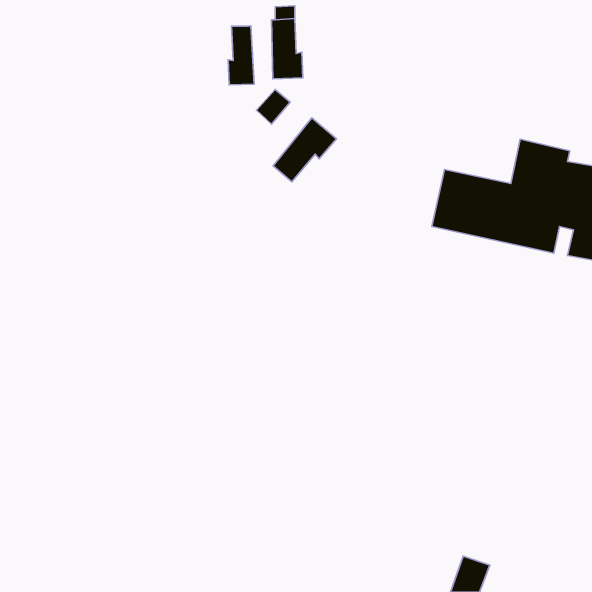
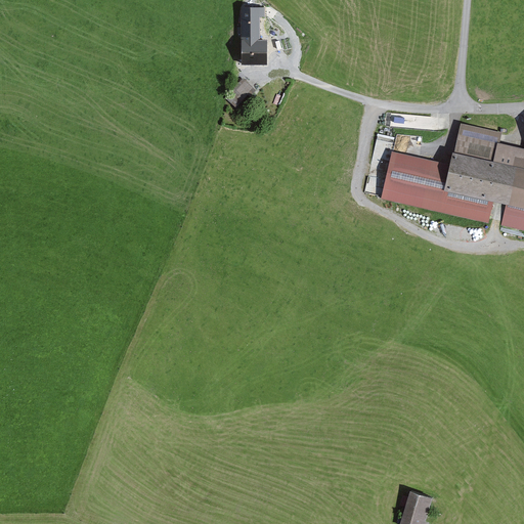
building: [228,26,254,85] -> none
building: [273,118,337,182] -> none

